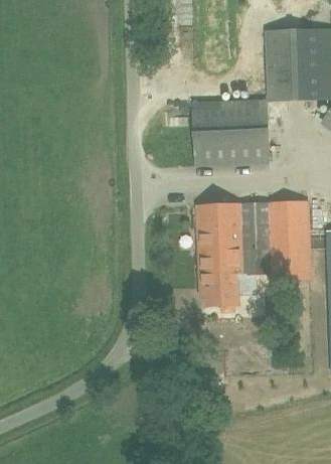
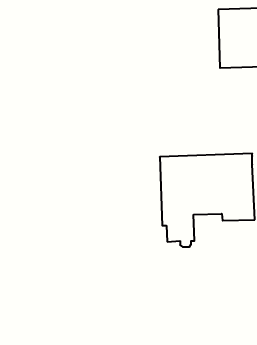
building: [192,101,267,165] -> none

